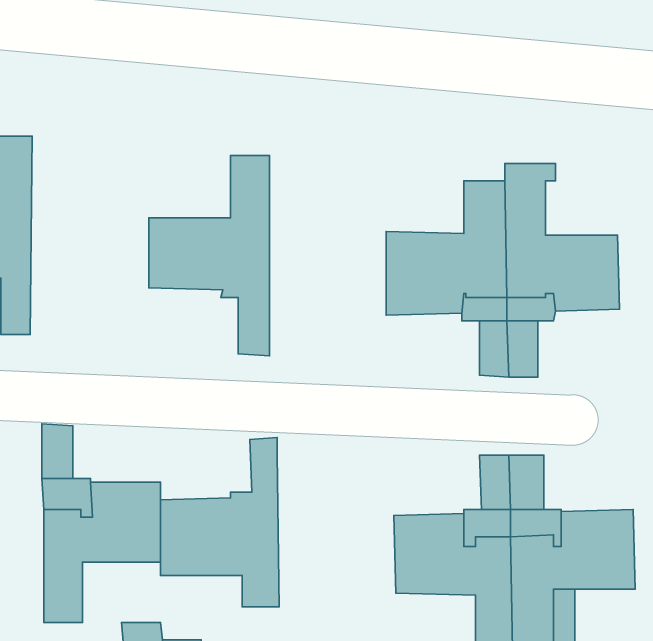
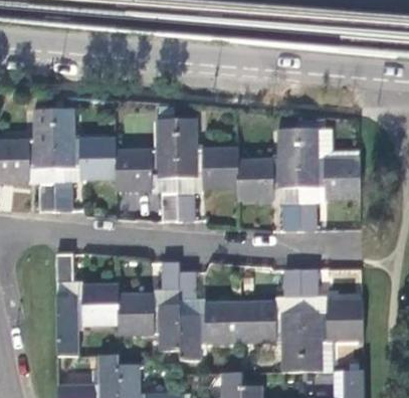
building: none -> [51,107,113,209]
building: none -> [175,116,235,220]
building: none -> [179,271,240,360]

